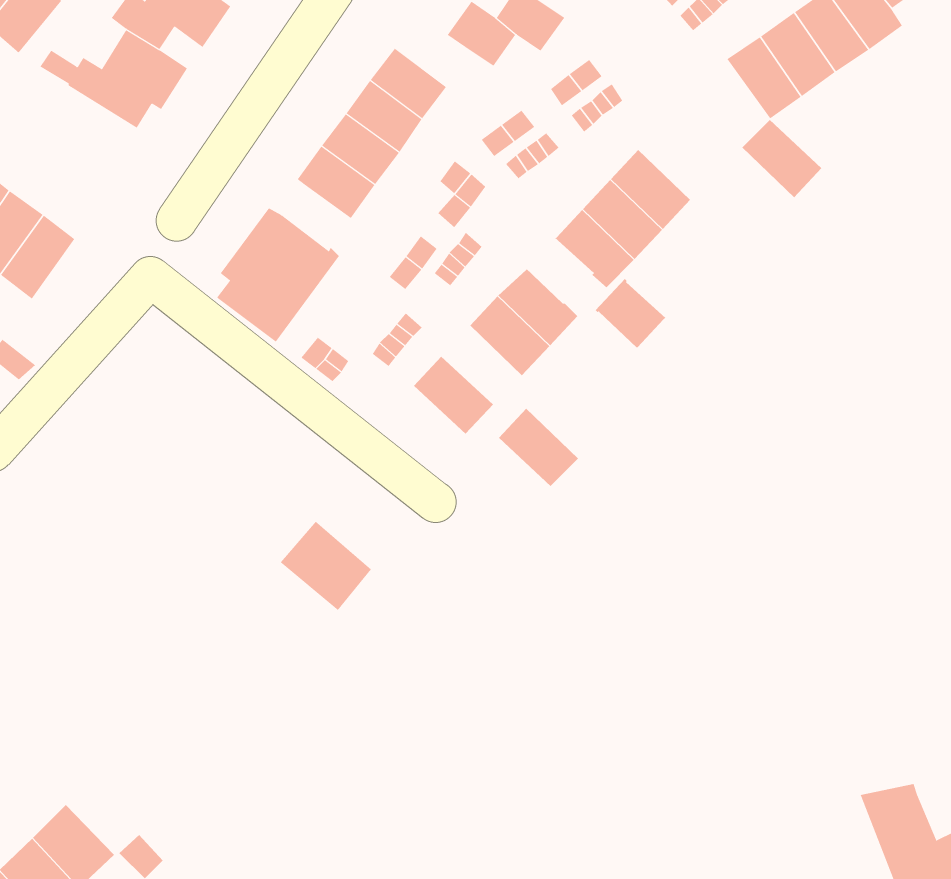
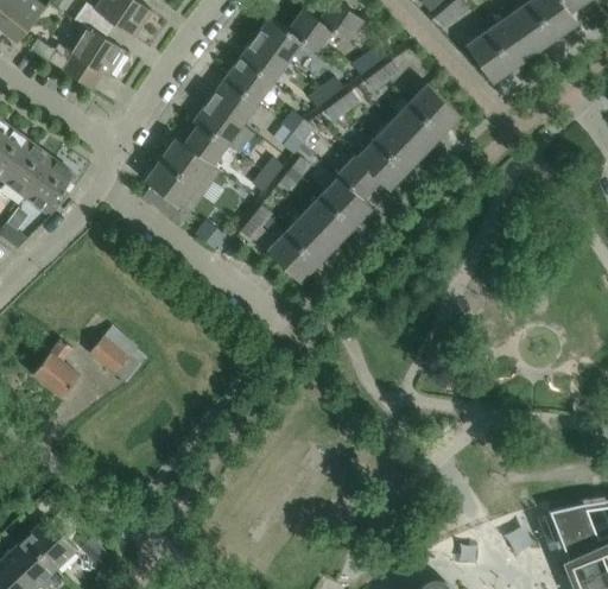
building: none -> [254,17,303,63]
building: [742,119,822,198] -> [408,84,460,134]
building: none -> [183,125,227,166]
building: none -> [25,159,74,213]
building: [595,278,666,348] -> [335,156,380,200]
building: [498,408,579,487] -> [284,214,335,264]
building: [280,521,372,611] -> [88,327,146,384]
building: none -> [32,340,80,398]

